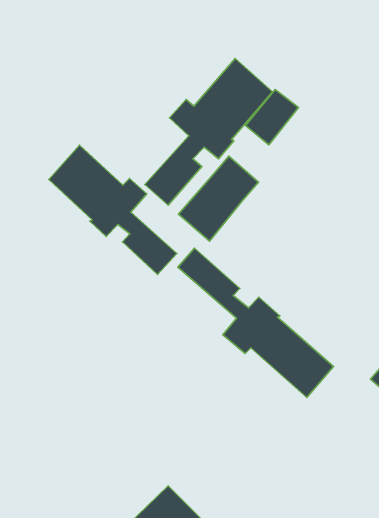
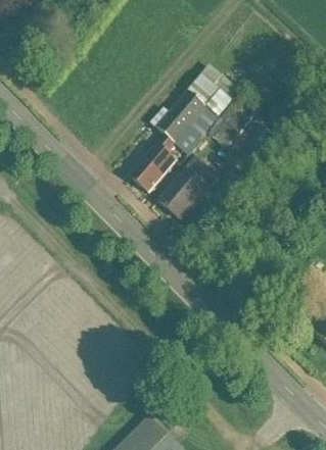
building: [49,145,177,275] -> none
building: [178,248,334,397] -> none

